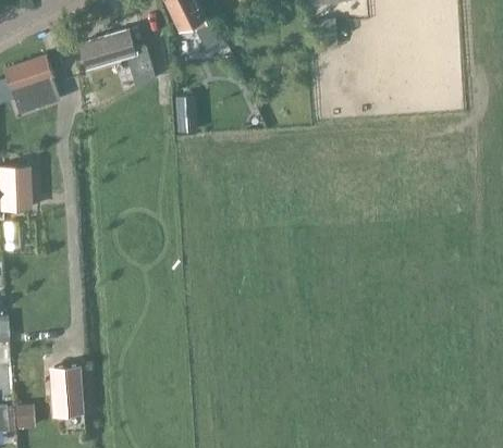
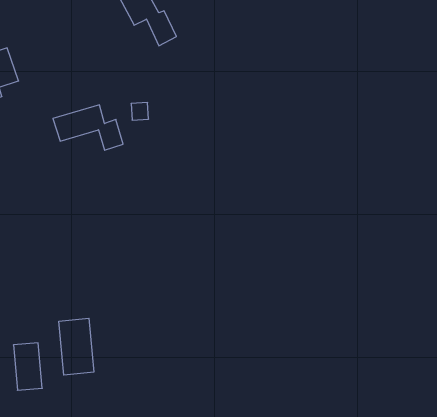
building: [79,30,154,78] -> [53,105,123,150]
building: none -> [59,318,94,375]

